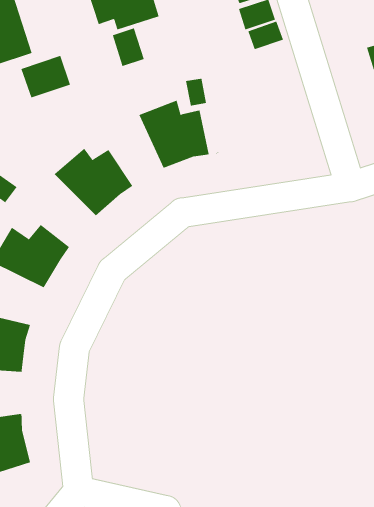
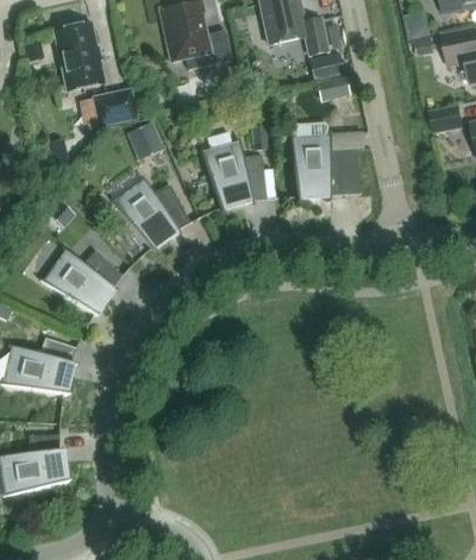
building: [112,28,144,67] -> none
building: none -> [276,121,361,197]
building: none -> [126,120,164,158]

